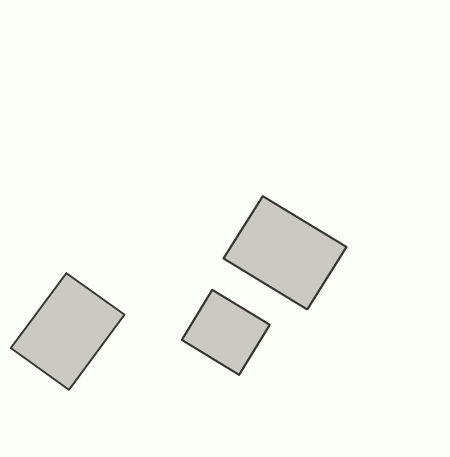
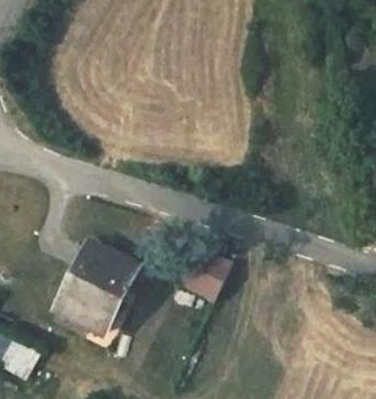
building: [224,196,346,309] -> none

